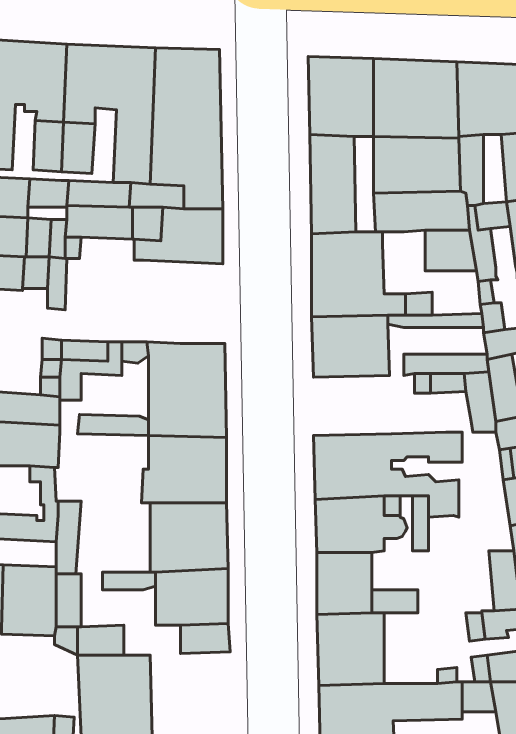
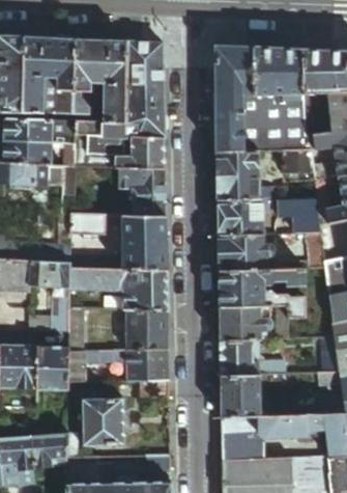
building: none -> [118,167,167,216]
building: none -> [219,235,276,270]
building: none -> [69,268,122,290]

